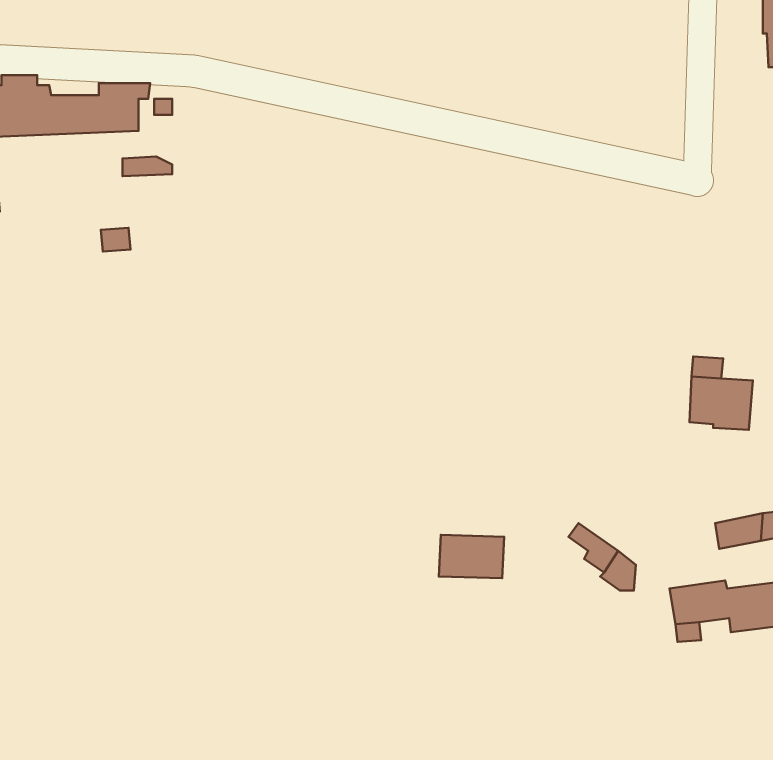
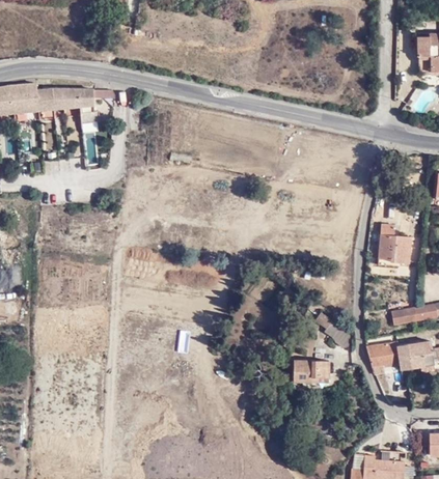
building: [439,535,504,578] -> [295,359,329,382]

